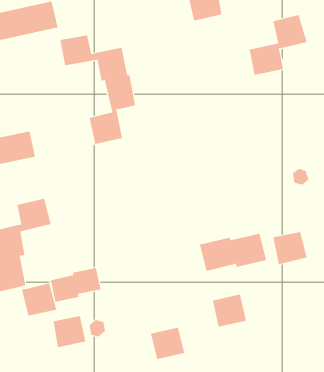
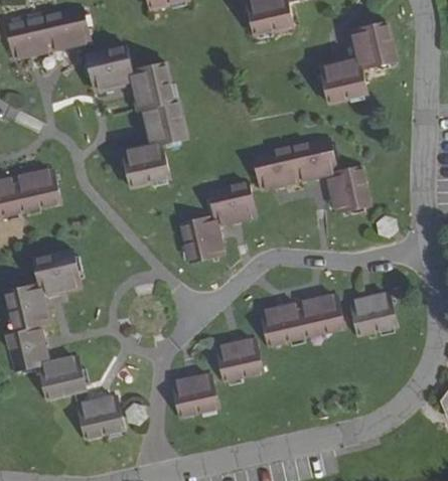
building: none -> [255,139,369,210]
building: none -> [182,184,253,261]
building: [50,267,101,303] -> none
building: [212,294,247,327] -> [218,338,262,379]
building: [150,327,185,360] -> [173,374,216,415]

